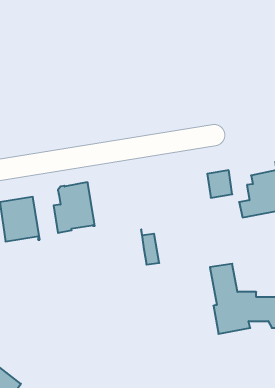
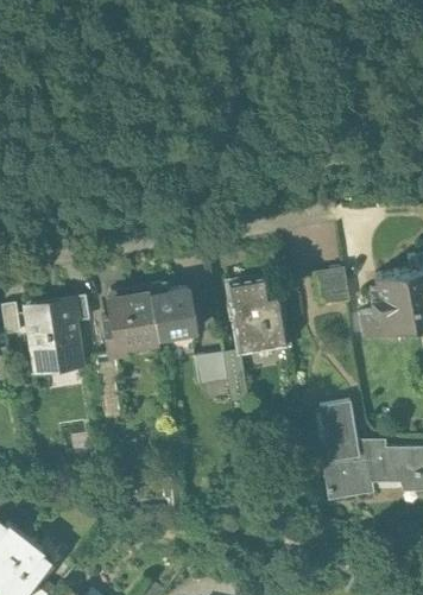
building: none -> [228,276,290,352]
building: none -> [150,285,196,337]
building: none -> [195,352,227,382]

